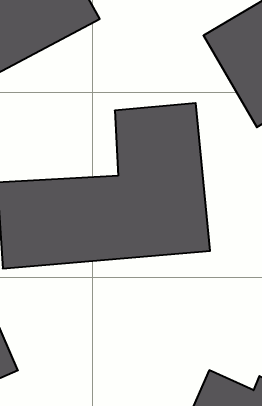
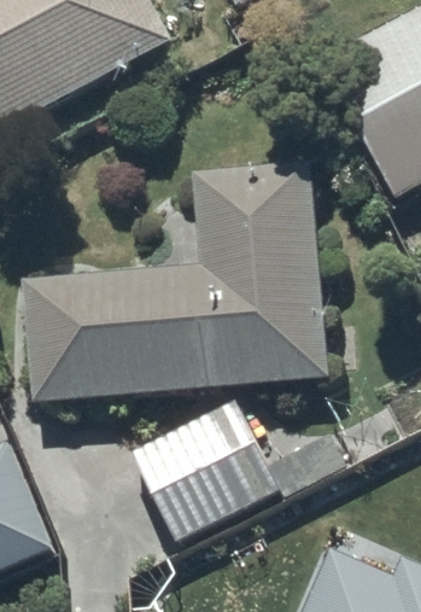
building: none -> [130,401,343,542]

